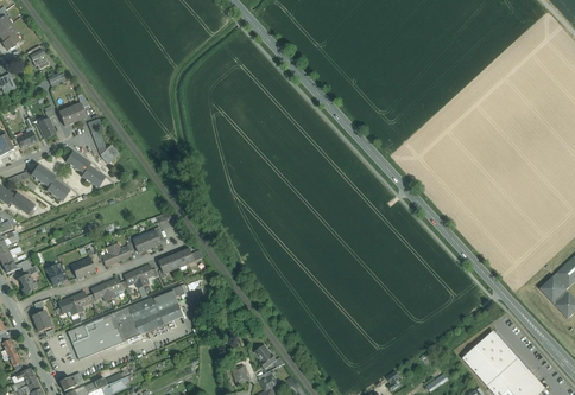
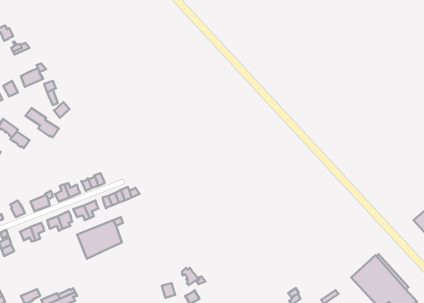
building: [68,306,140,359] -> none

